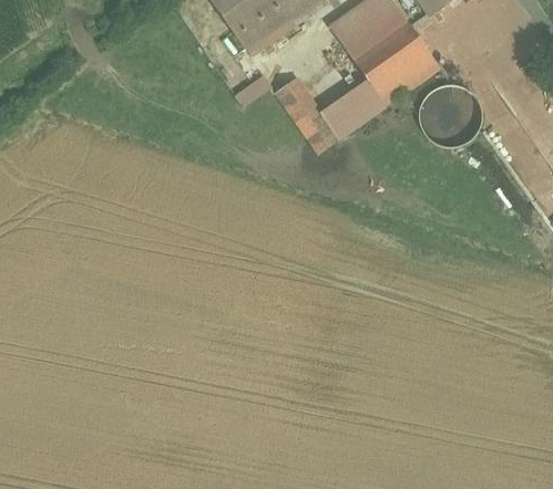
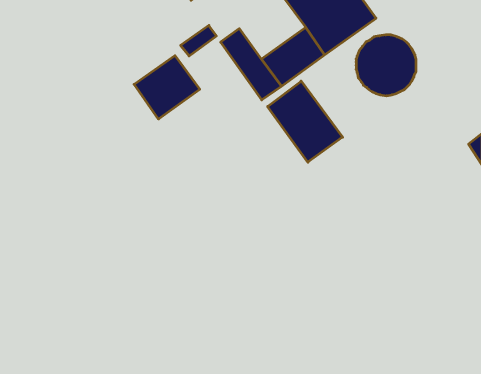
building: none -> [134,56,200,119]
building: none -> [268,81,343,162]

